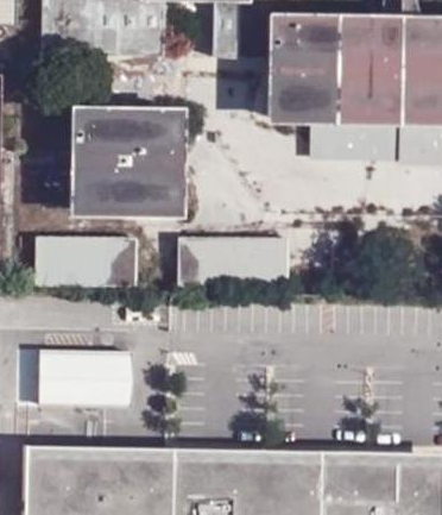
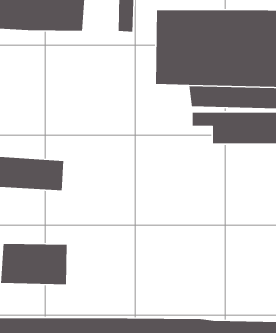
building: [62,101,177,206] -> none
building: [172,231,280,283] -> none

